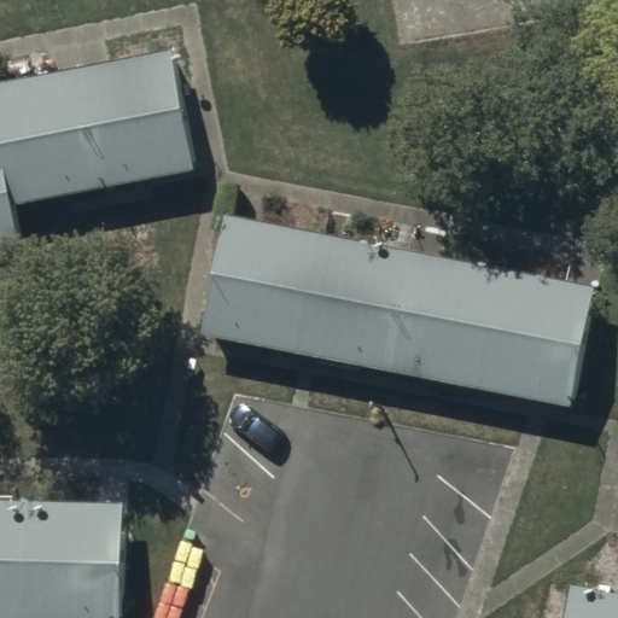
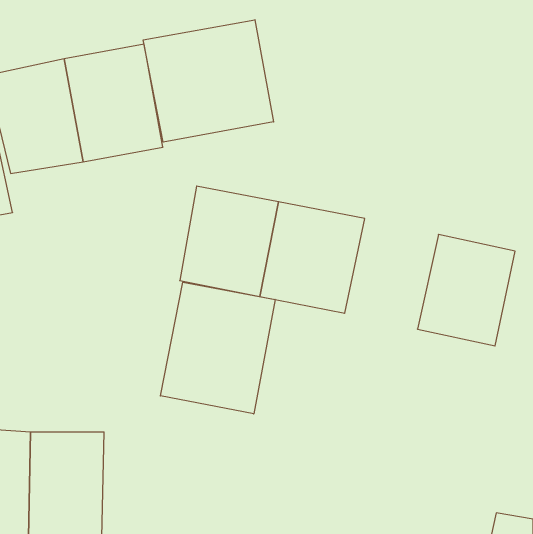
building: none -> [143,20,274,142]
building: [396,255,503,381] -> none
building: none -> [160,282,275,414]

